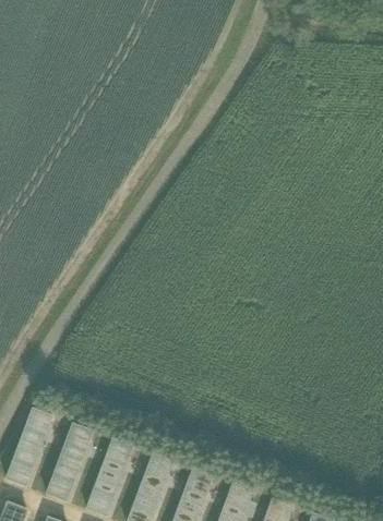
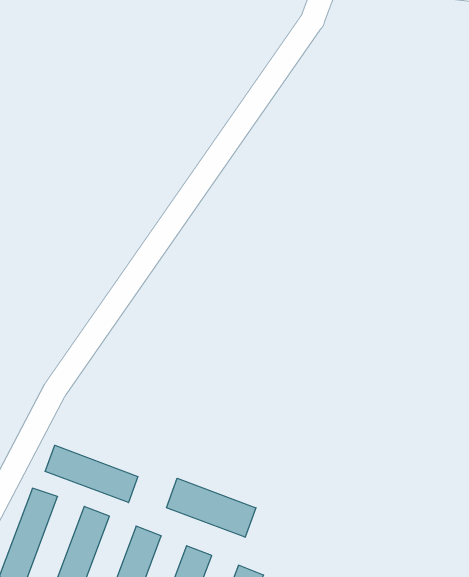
building: none -> [45,445,138,503]
building: none -> [166,478,256,537]

